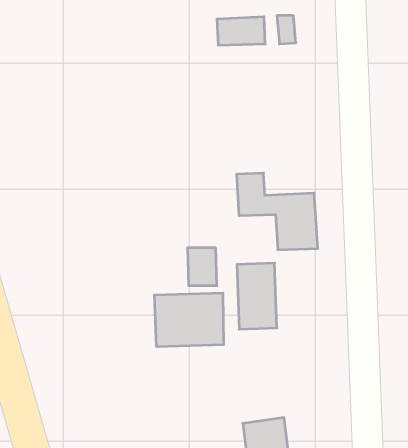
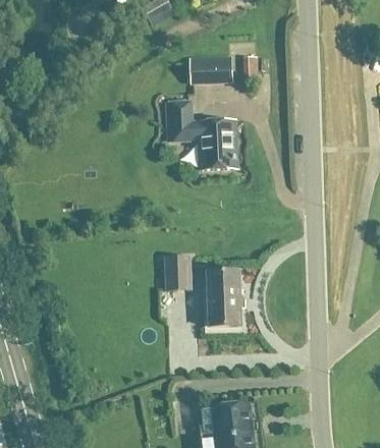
building: [237,173,318,250] -> [167,102,237,168]
building: [154,293,224,347] -> none

